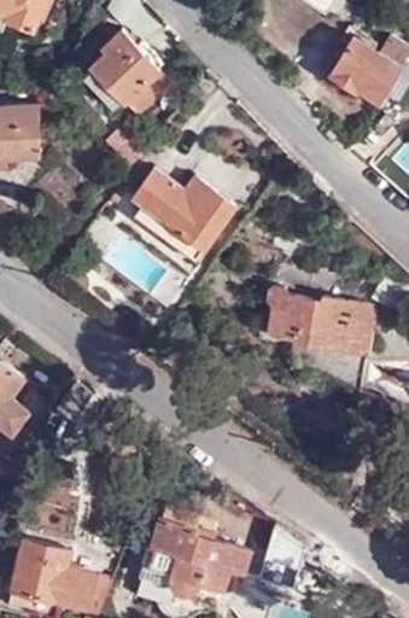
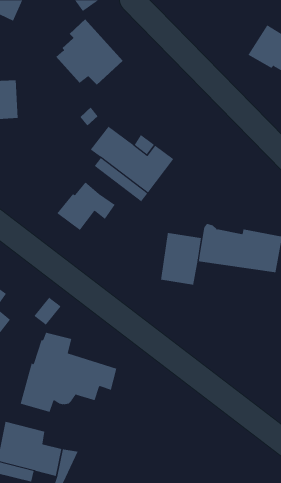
building: none -> [57,182,115,231]
building: none -> [160,232,202,285]
building: [130,505,253,606] -> [20,332,117,412]

